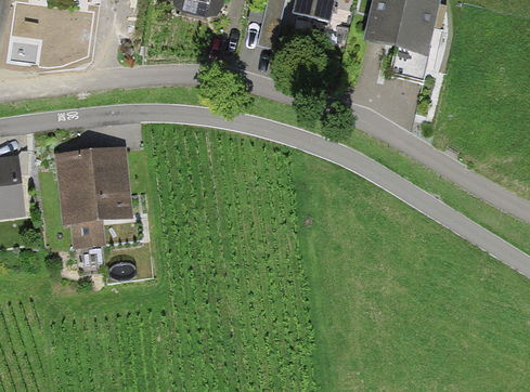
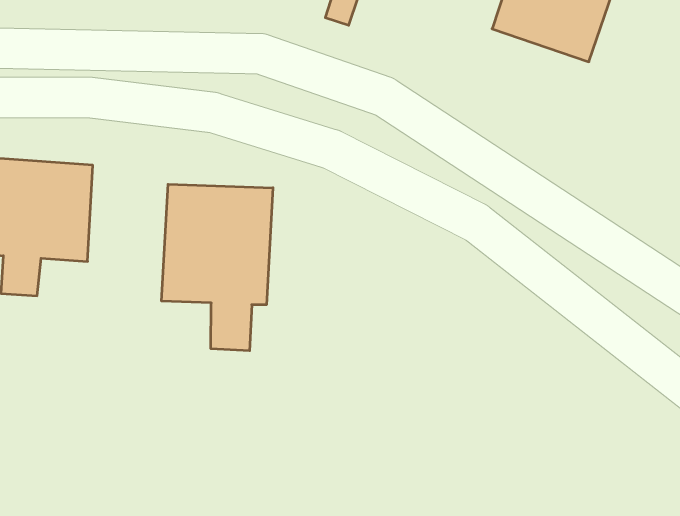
building: none -> [162,184,273,351]

